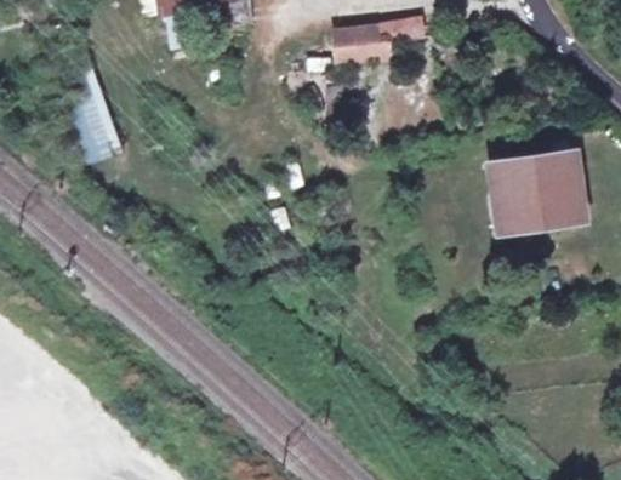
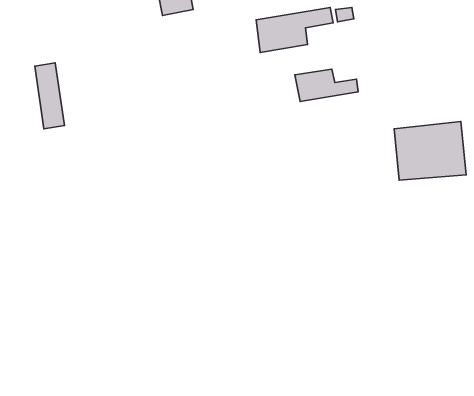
building: none -> [295,69,358,102]

